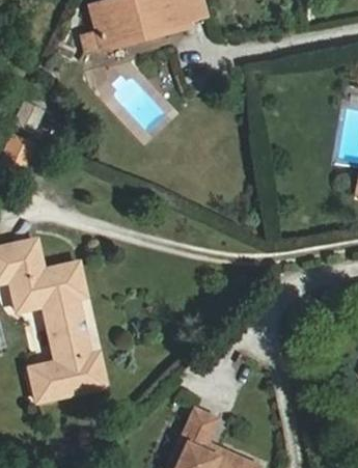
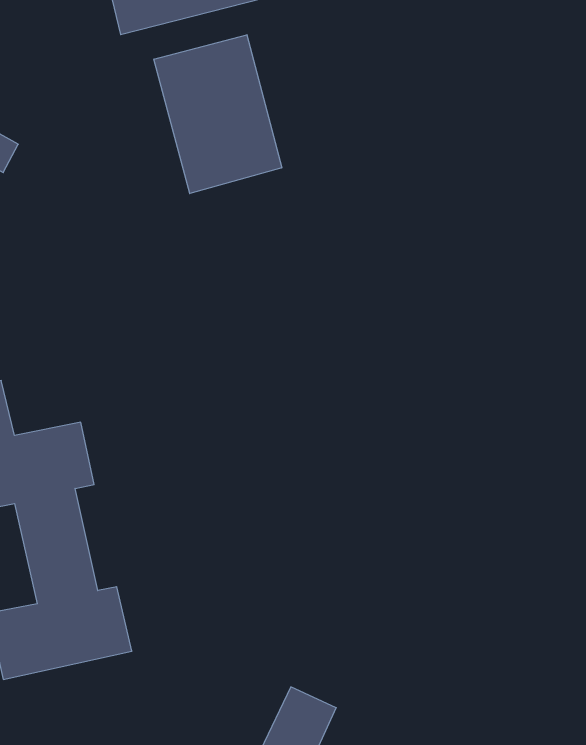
building: none -> [154,35,282,194]

